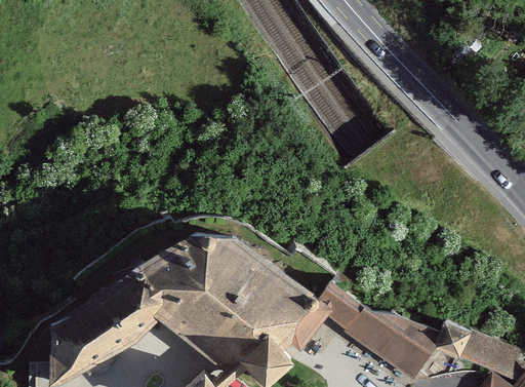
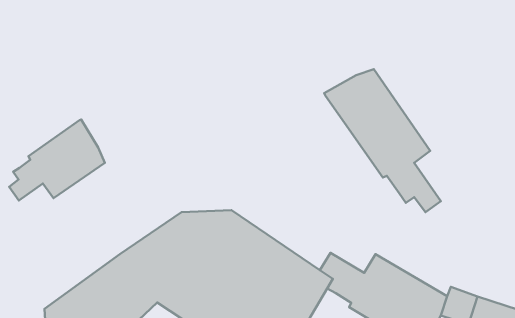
building: none -> [324,69,441,212]
building: none -> [9,119,105,200]

